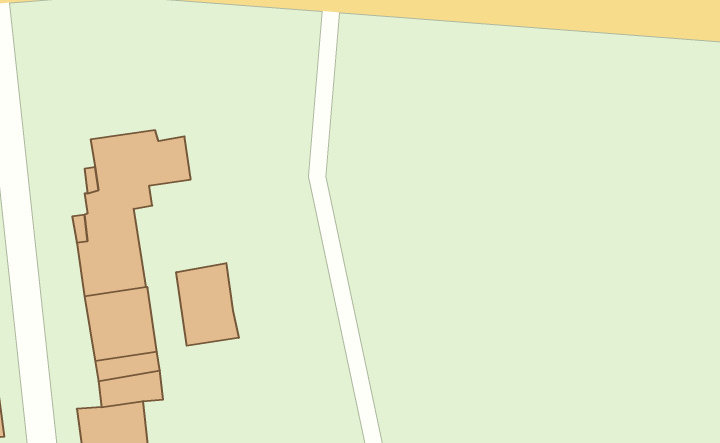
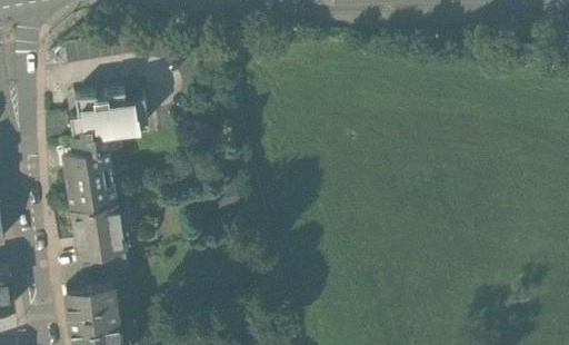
building: [176,263,239,346] -> none

